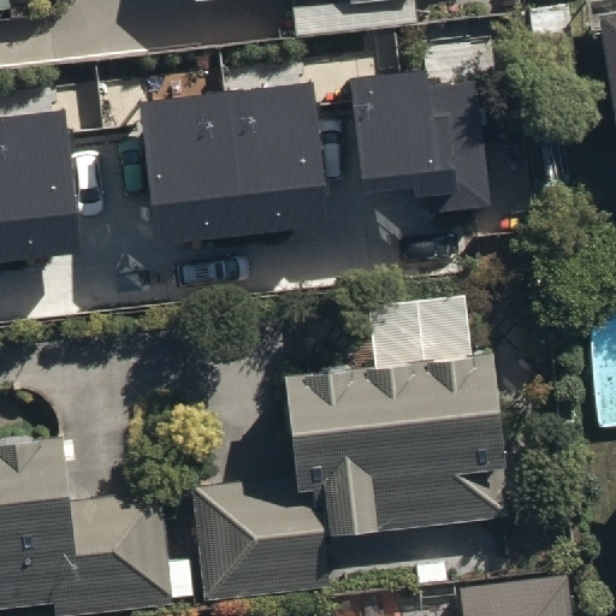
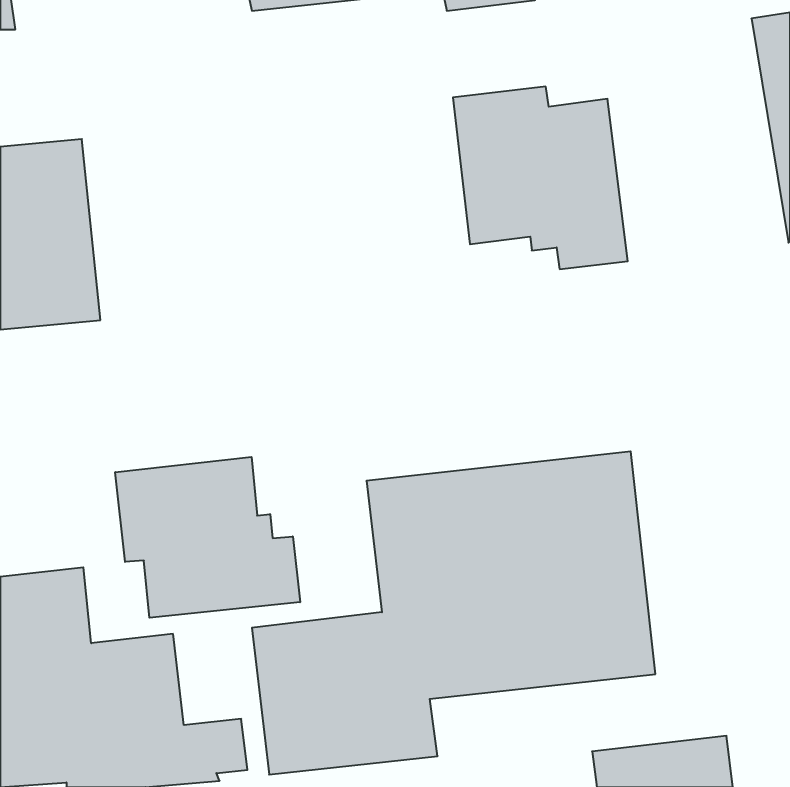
building: [141,83,326,242] -> none
building: none -> [115,457,300,618]

